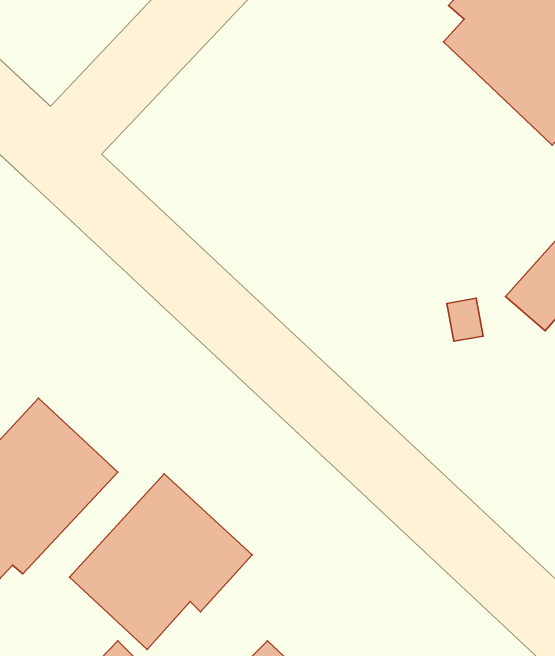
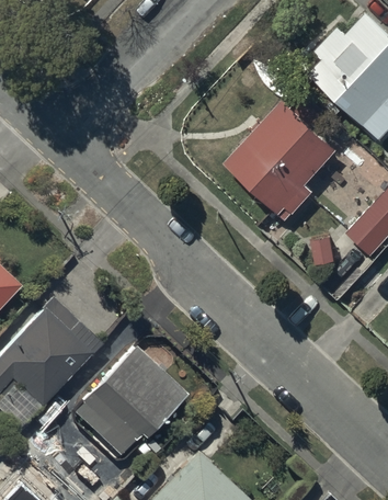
building: none -> [224,100,334,218]

